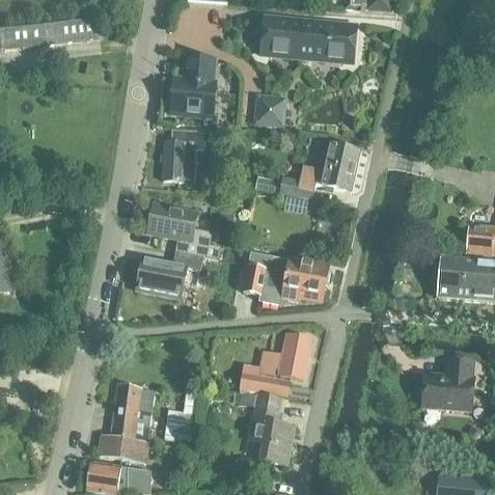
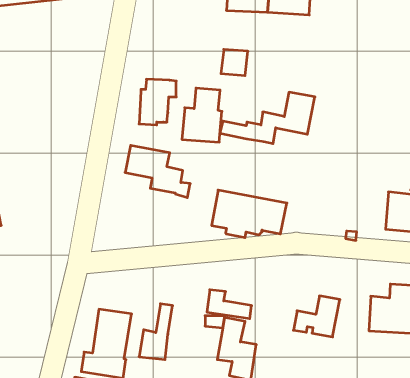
building: [170,56,215,116] -> [182,88,222,142]
building: [137,250,203,297] -> none
building: [259,333,311,379] -> [293,296,340,337]

